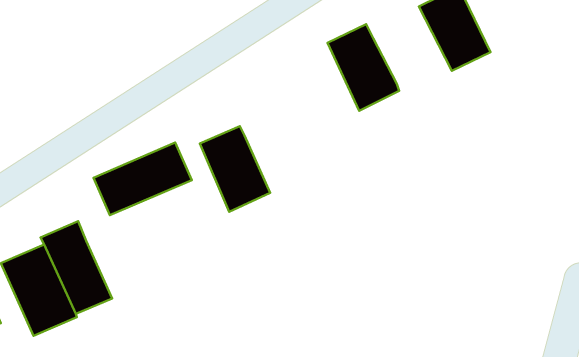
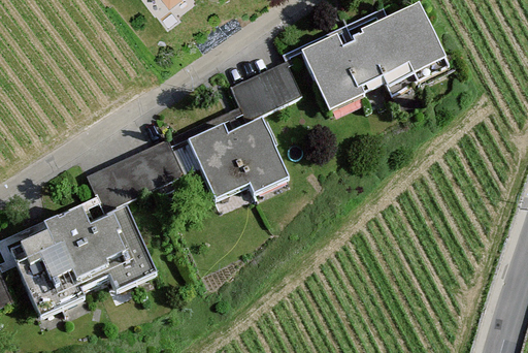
building: none -> [340,20,409,88]
building: none -> [230,59,299,117]
building: none -> [227,119,287,192]
building: none -> [88,208,155,291]

